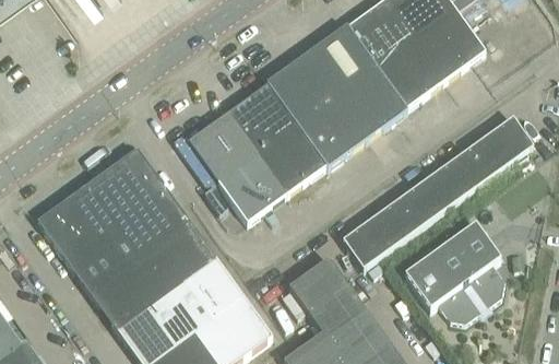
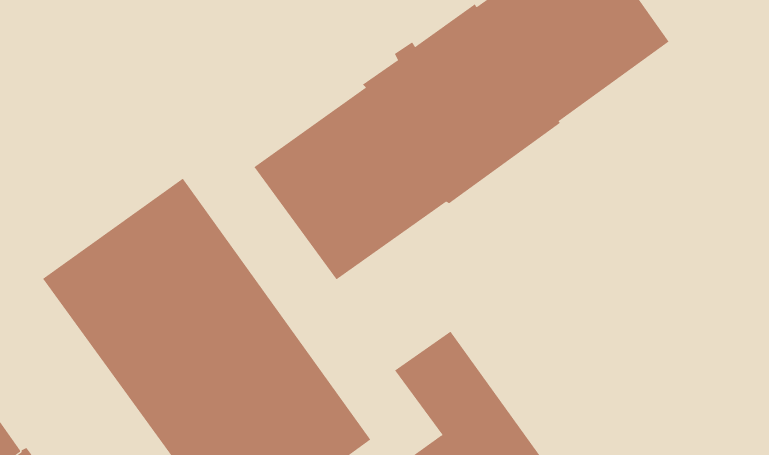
building: [342,116,533,267] -> none
building: [404,221,504,320] -> none

